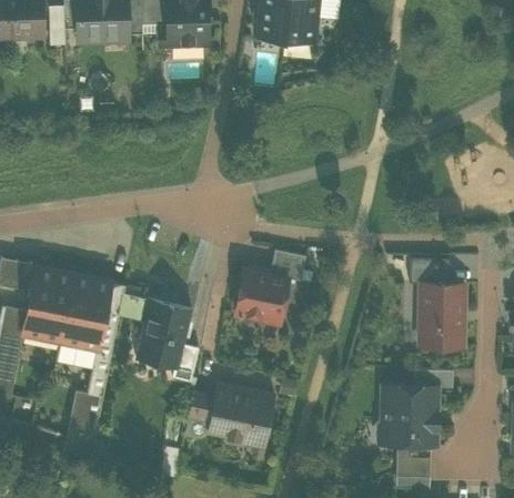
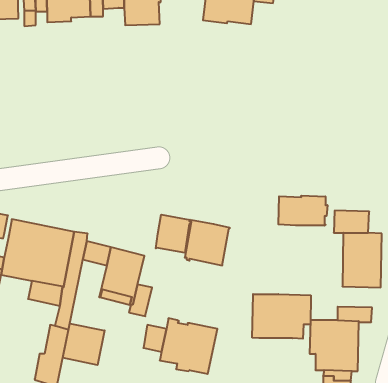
building: none -> [278,196,327,226]
building: [269,252,305,283] -> none
building: none -> [156,215,191,253]
building: none -> [252,294,311,339]
building: none -> [63,323,105,365]

